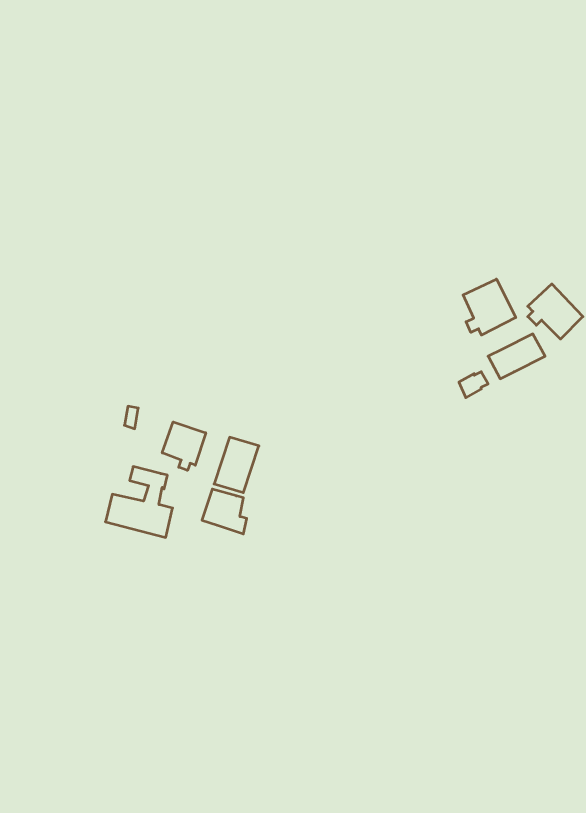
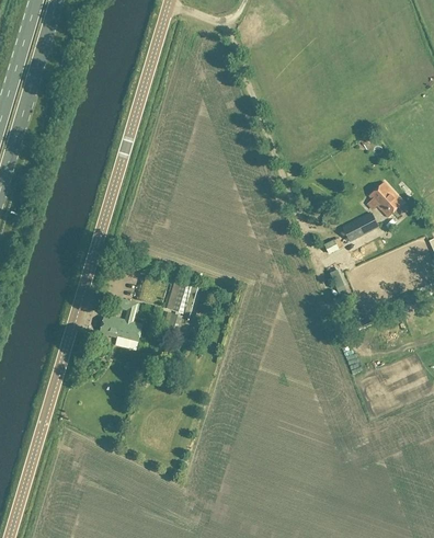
building: [463,279,516,335] -> none
building: [162,422,206,470] -> none

